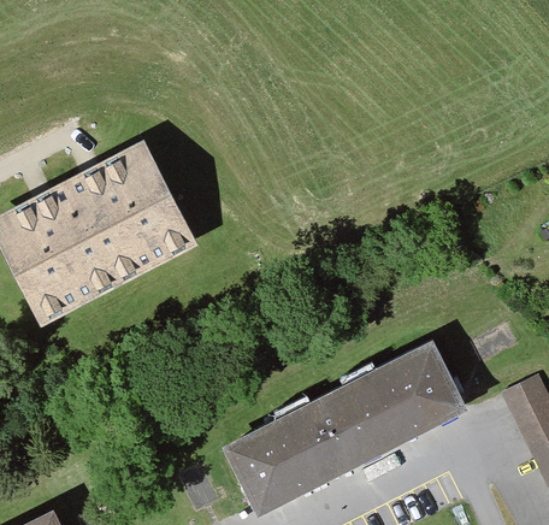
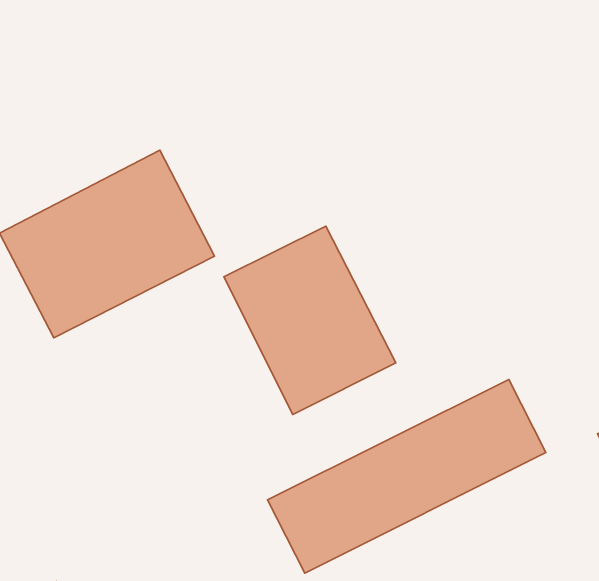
building: none -> [224,226,396,415]

